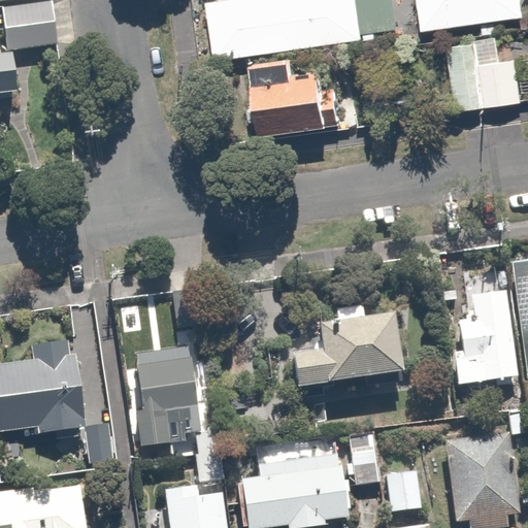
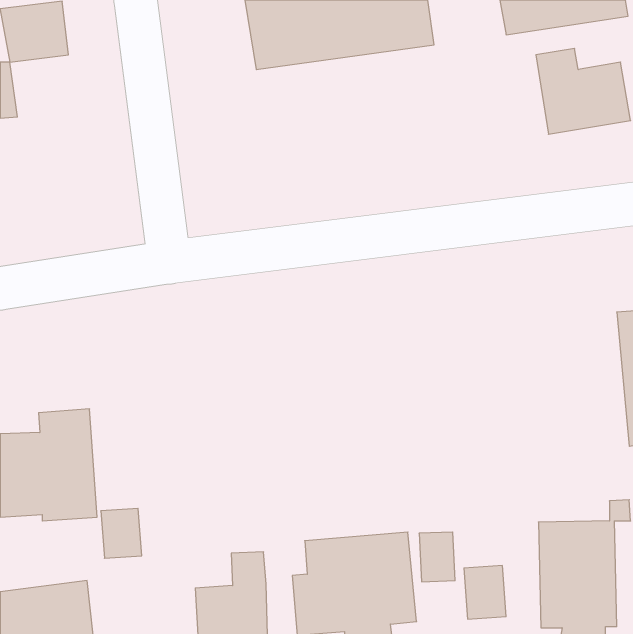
building: [254,58,330,134] -> none
building: [454,289,514,383] -> none
building: [290,304,414,387] -> none
building: [130,349,217,451] -> none

